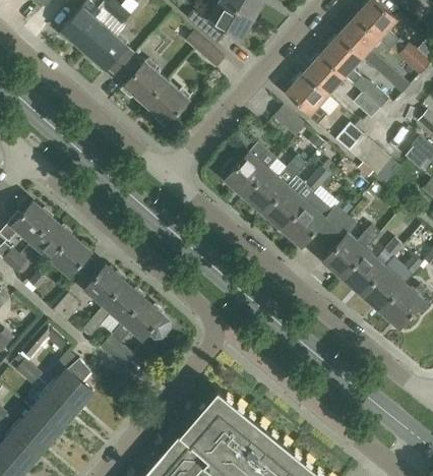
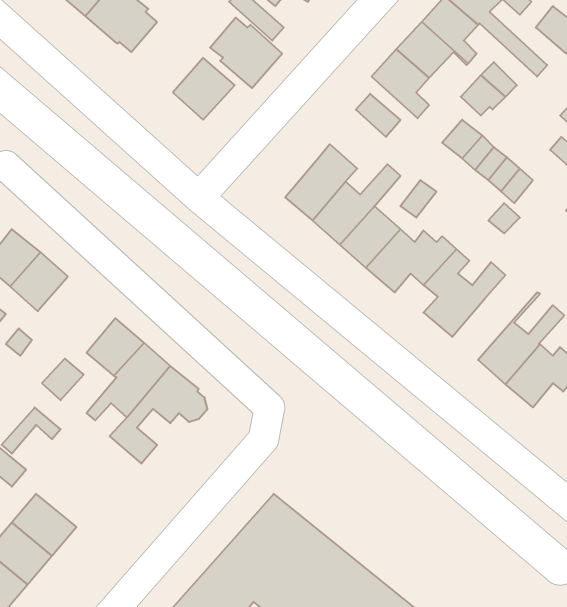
building: [116,55,167,105] -> [210,18,282,88]
building: [50,235,90,276] -> none
building: [343,240,403,294] -> none
building: [49,352,95,412] -> none

